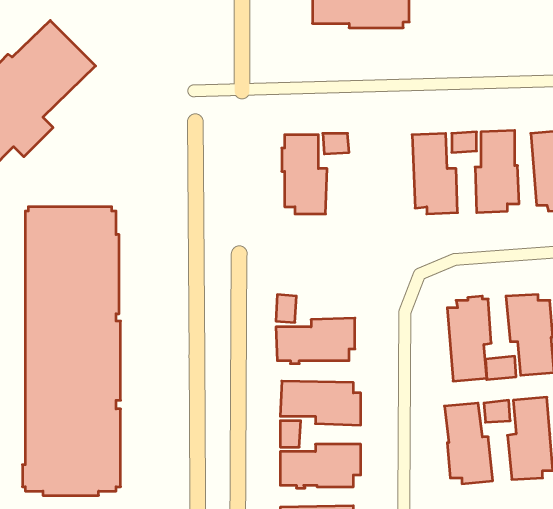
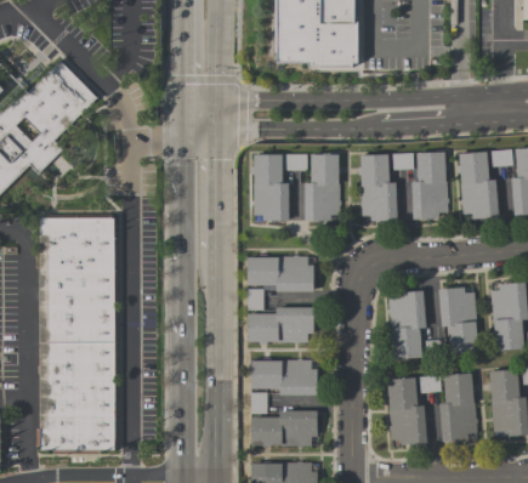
building: none -> [303,154,340,221]
building: none -> [248,255,313,292]

